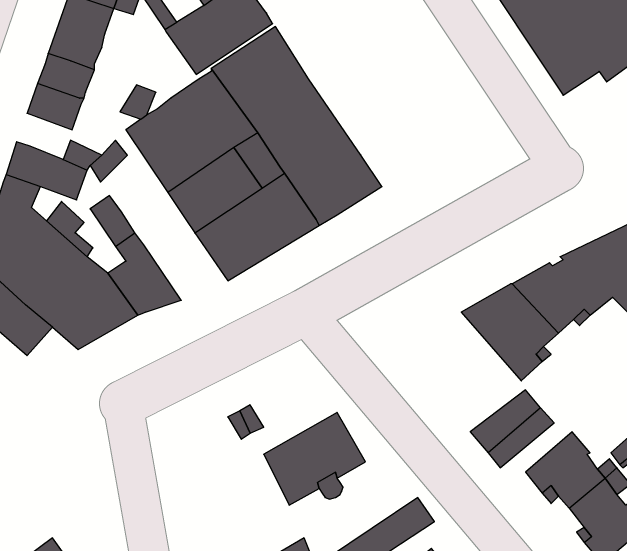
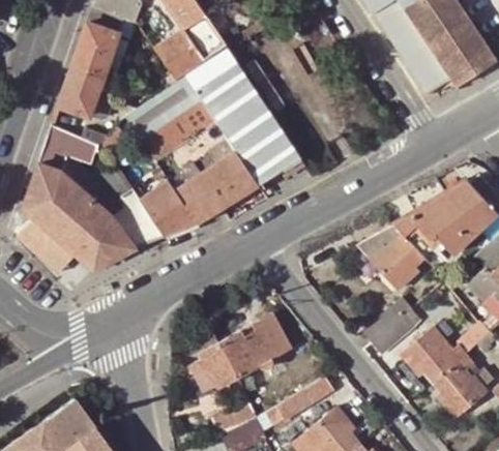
building: none -> [139,180,197,236]
building: none -> [181,342,239,401]

